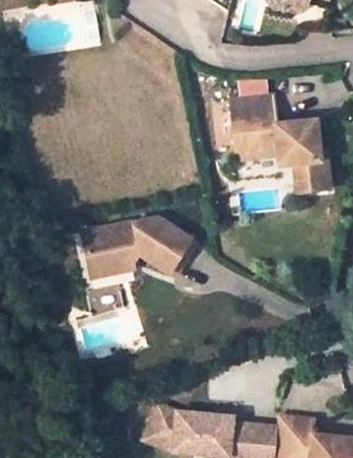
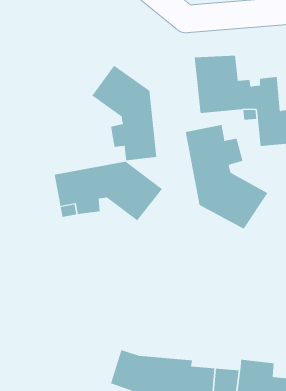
building: none -> [92,65,157,161]
building: none -> [185,124,268,230]

